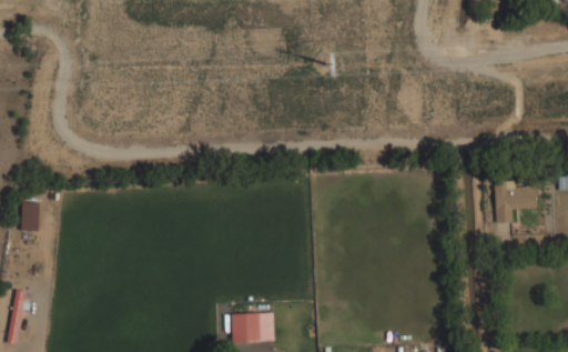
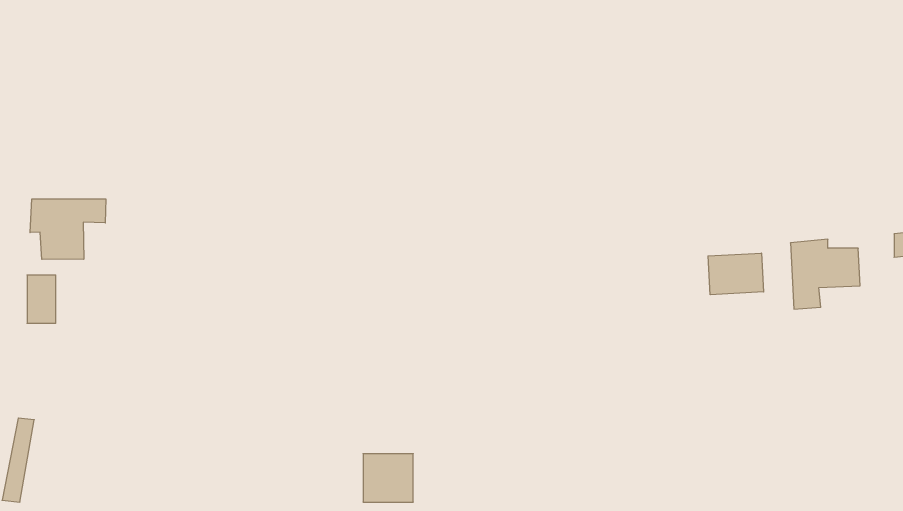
building: none -> [30,199,106,259]
building: none -> [708,253,764,295]

